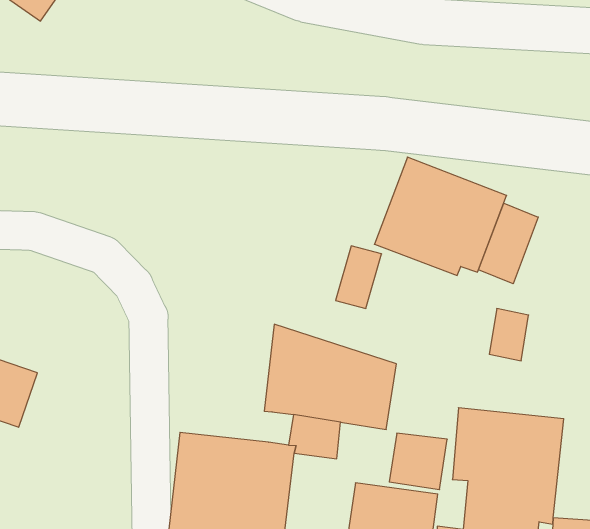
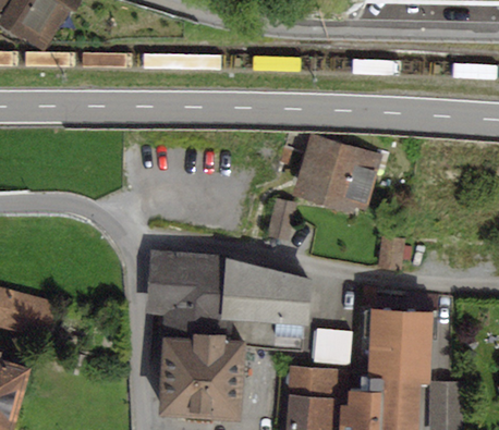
building: [478,203,538,284] -> none
building: none -> [146,253,226,340]

